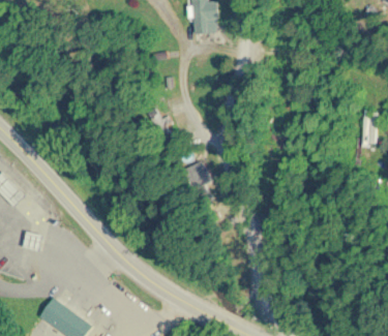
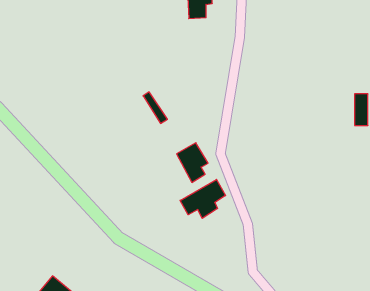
building: none -> [180,179,226,218]

